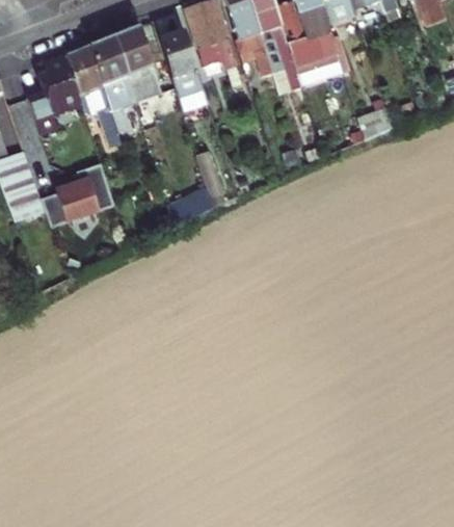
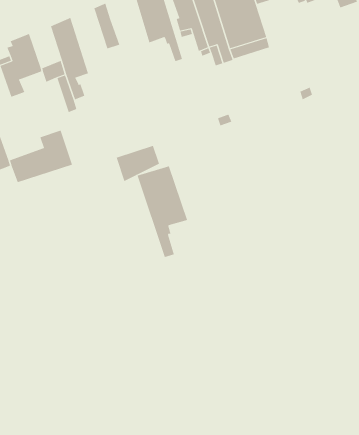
building: [112,25,160,101] -> none
building: [159,29,207,109] -> none
building: [64,46,101,95] -> none
building: none -> [137,166,188,258]

